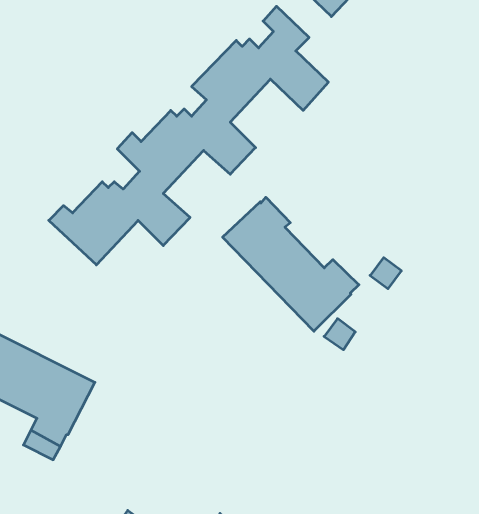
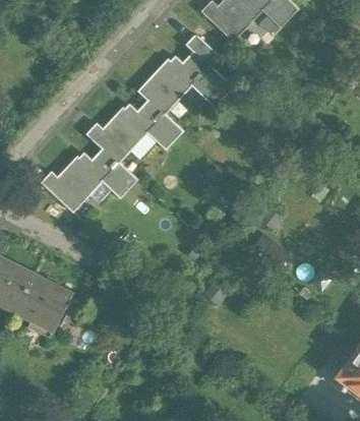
building: [223,197,359,331] -> none

